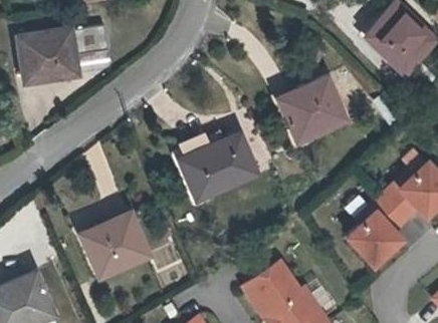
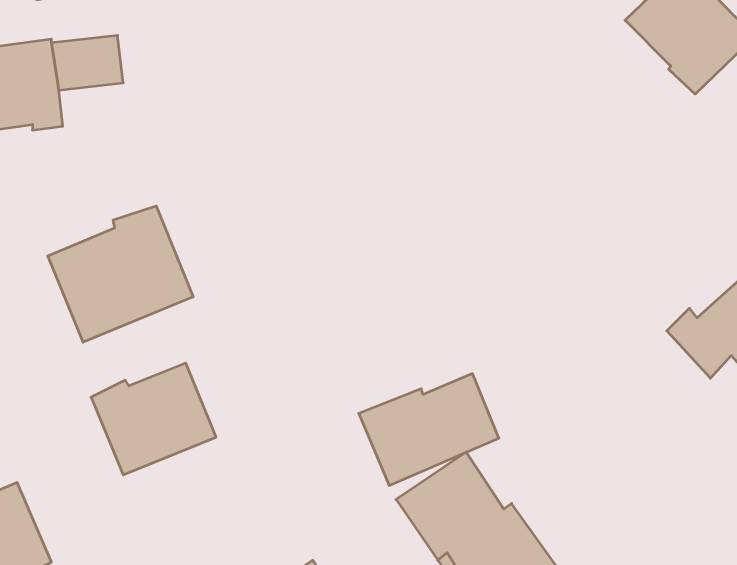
building: [278,83,341,143] -> none
building: none -> [48,206,193,342]
building: [181,137,255,197] -> [359,374,499,485]
building: [351,194,409,262] -> none

